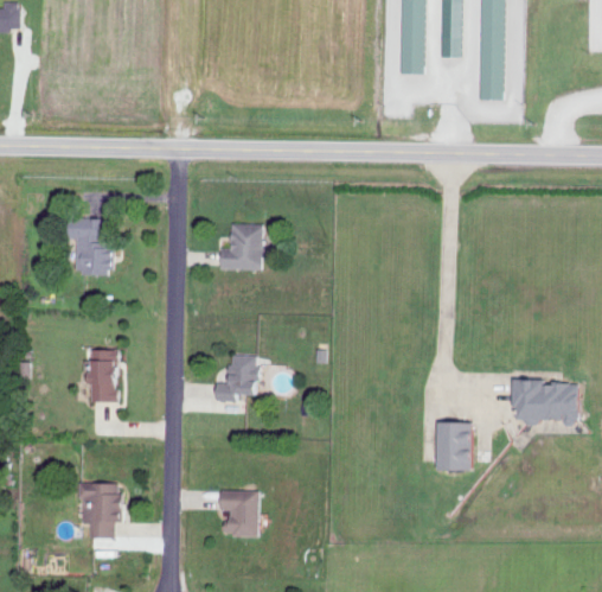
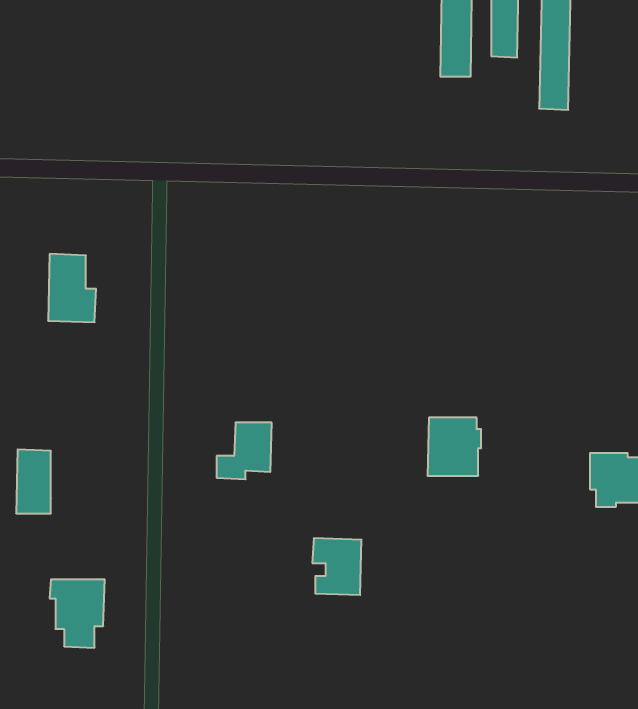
building: [217,223,261,269] -> none
building: [89,349,117,401] -> [16,449,51,513]
building: [435,422,479,470] -> [427,418,481,476]
building: [217,490,257,536] -> [312,538,362,595]

